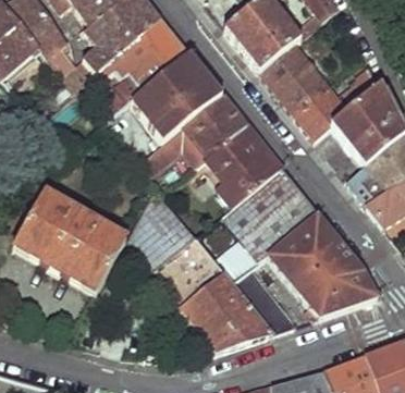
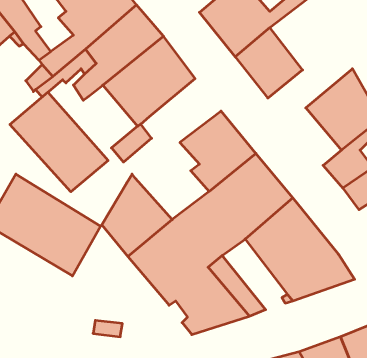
building: [293,66,378,137] -> none
building: [174,94,246,162] -> none
building: none -> [10,92,108,192]

